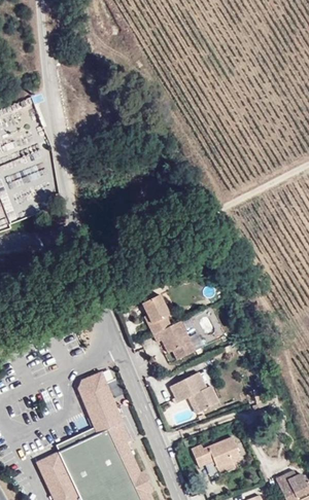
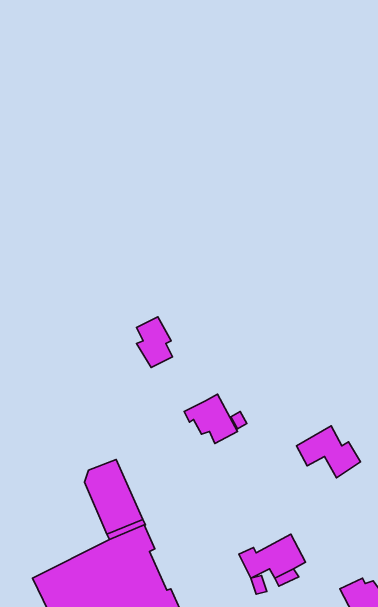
building: [143,297,171,336] -> [137,317,172,368]
building: [171,370,220,410] -> [297,426,361,478]

